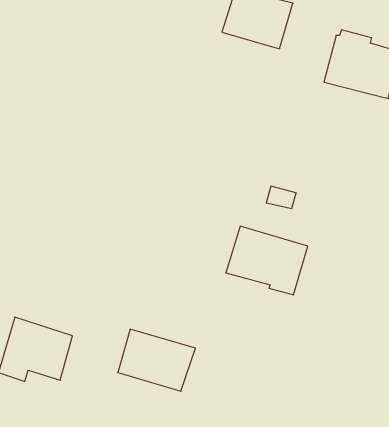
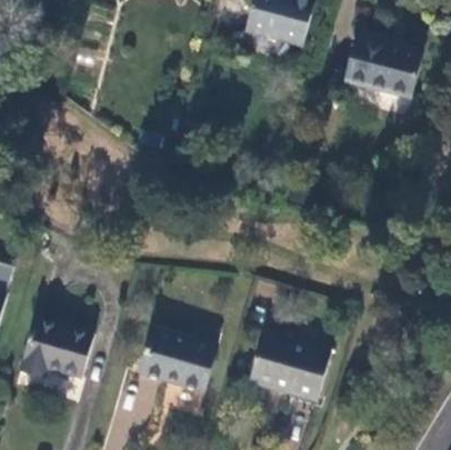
building: [226,226,308,295] -> [248,334,330,403]

